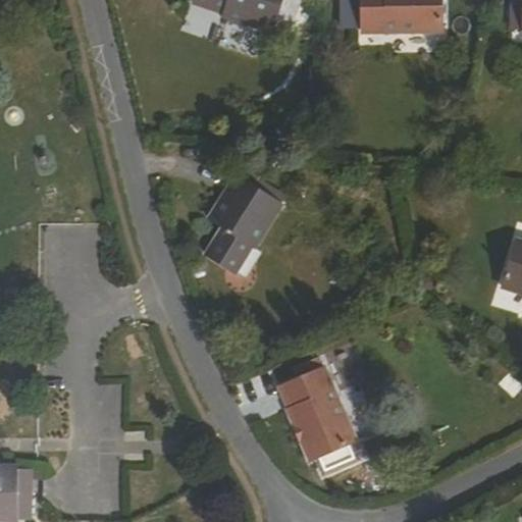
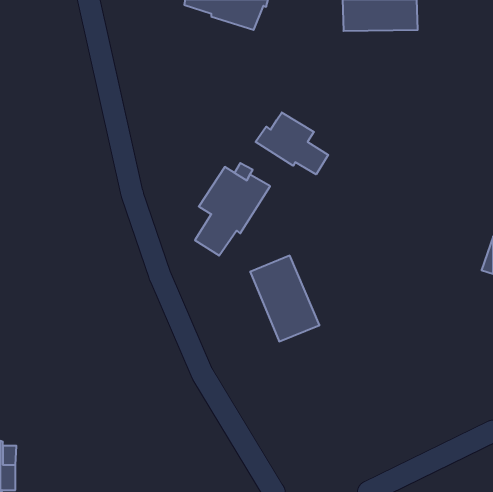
building: none -> [256,112,328,174]
building: [281,370,355,461] -> [250,256,320,341]

